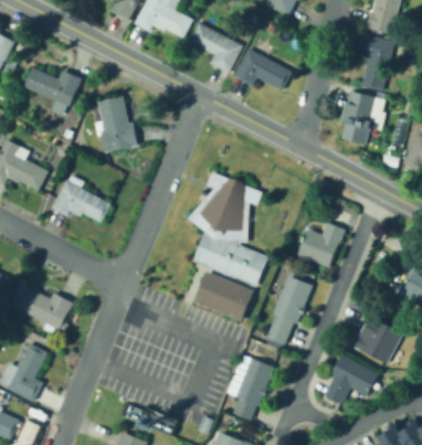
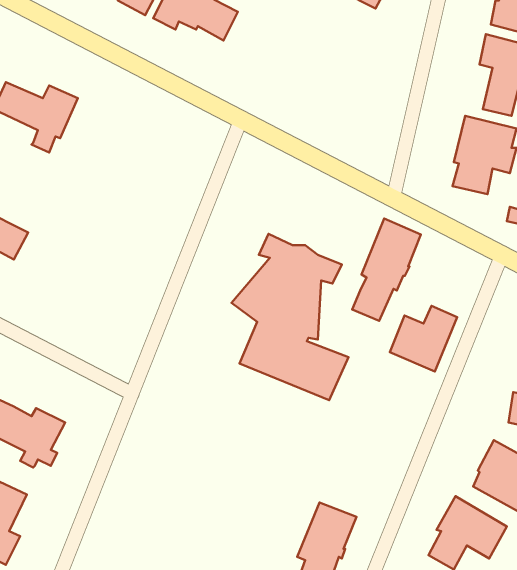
building: [188,22,242,73] -> none
building: [233,49,292,91] -> none
building: [94,96,137,152] -> none
building: [51,174,110,223] -> none
building: [193,272,254,322] -> none
building: [266,277,314,348] -> [352,218,421,321]

